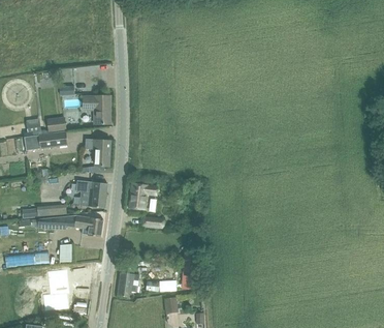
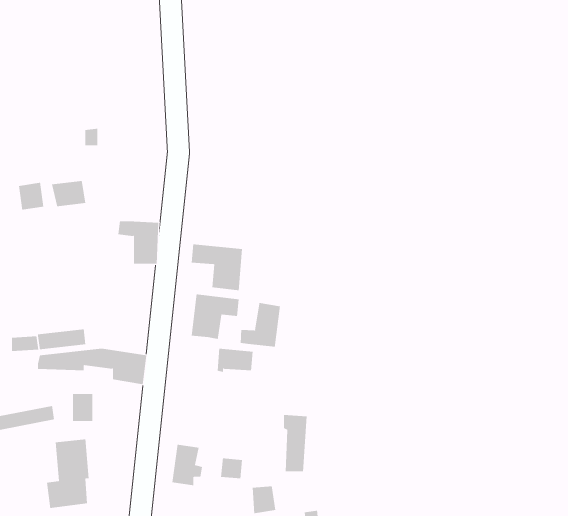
building: [82,95,109,123] -> none
building: [24,130,67,150] -> none
building: [75,180,106,208] -> [191,244,243,291]
building: none -> [240,302,280,348]

